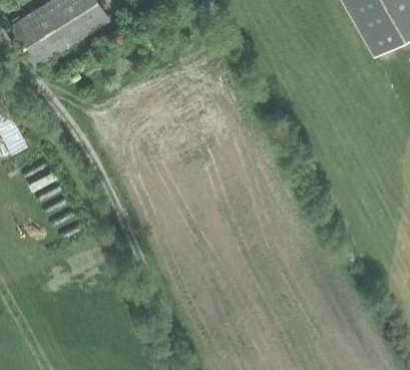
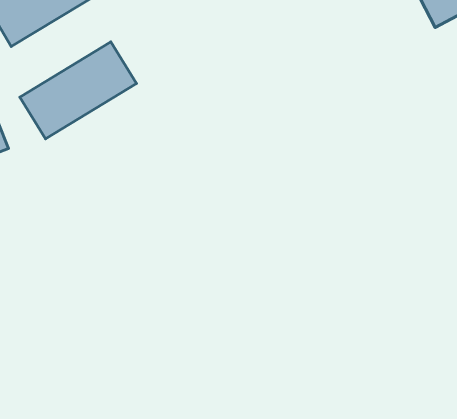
building: none -> [20,42,137,139]

